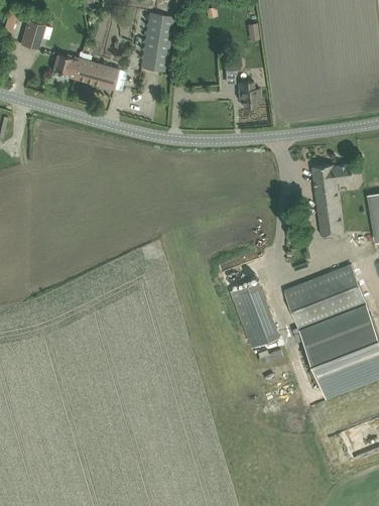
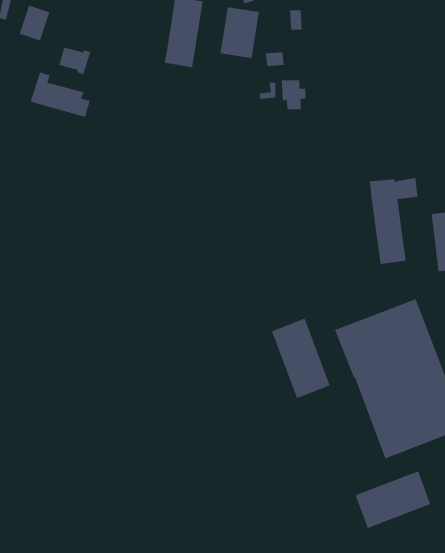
building: none -> [220,7,260,59]
building: [74,53,124,92] -> [30,72,90,118]
building: none -> [355,471,431,529]

